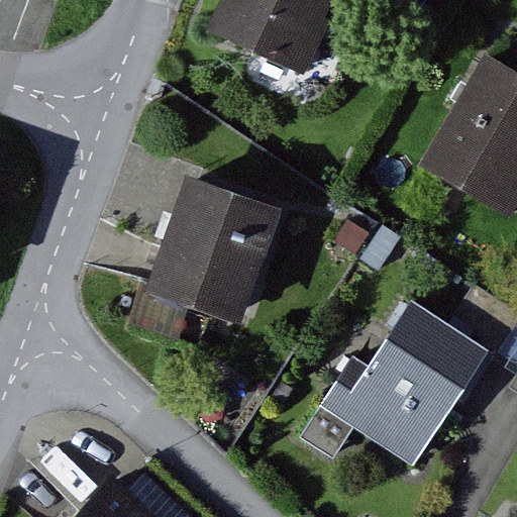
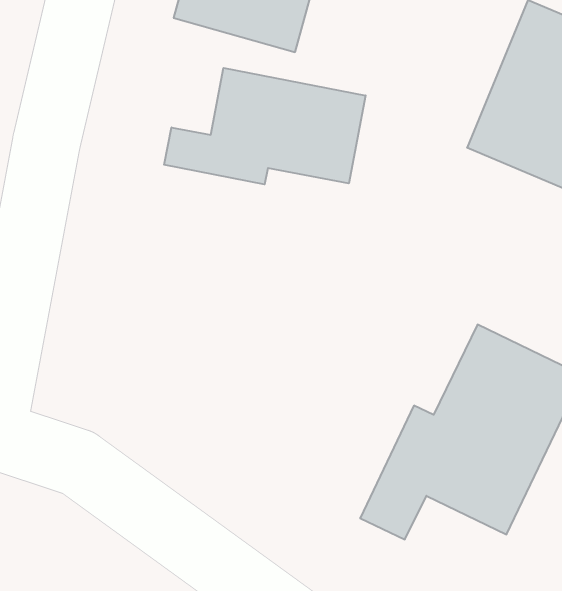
building: none -> [164,68,366,184]
building: [171,180,302,323] -> none

